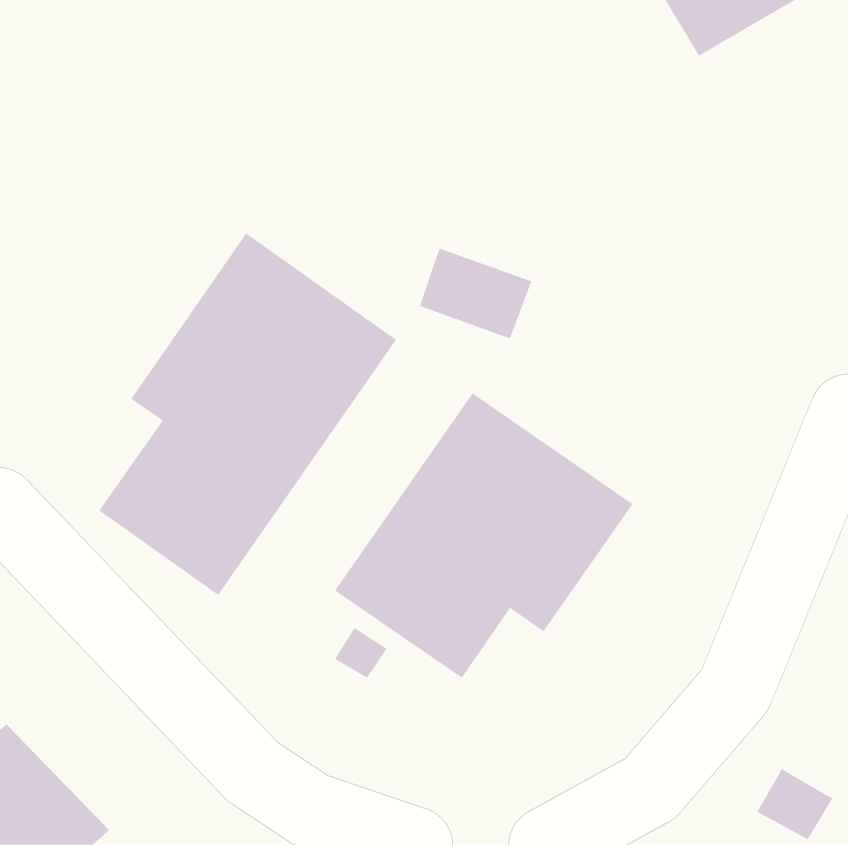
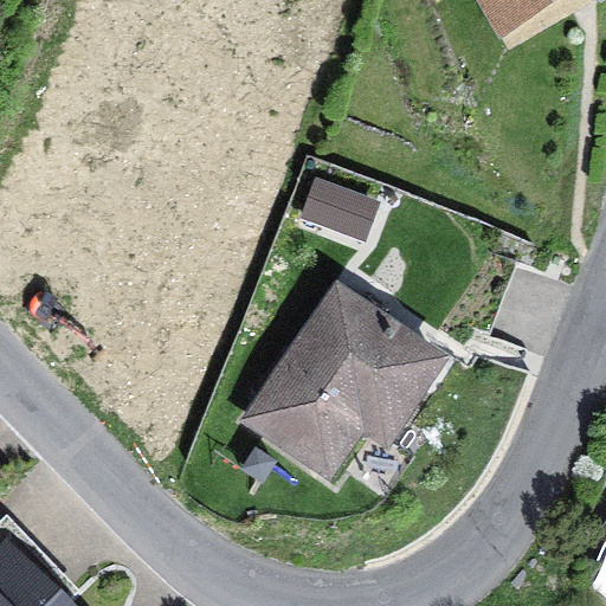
building: [99,233,397,596] -> none

